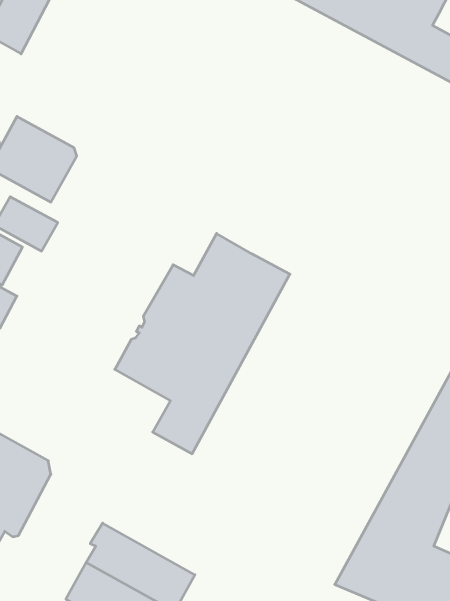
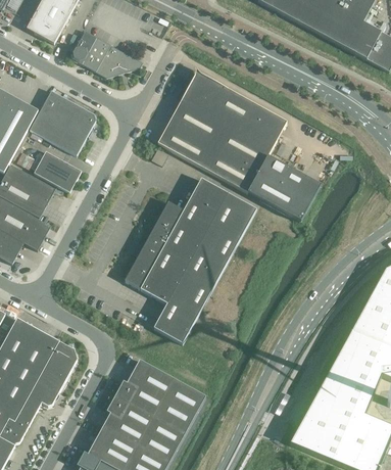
building: none -> [72,30,143,77]
building: none -> [158,74,321,221]
building: none -> [115,359,206,434]

